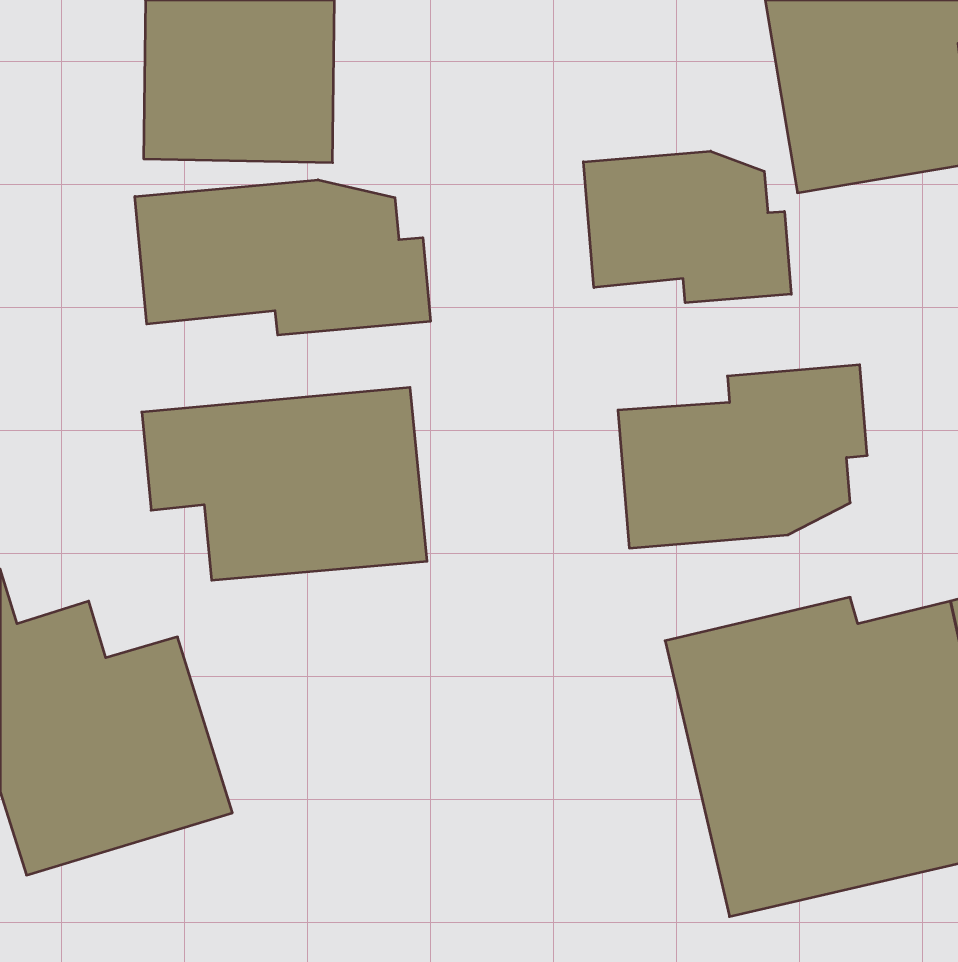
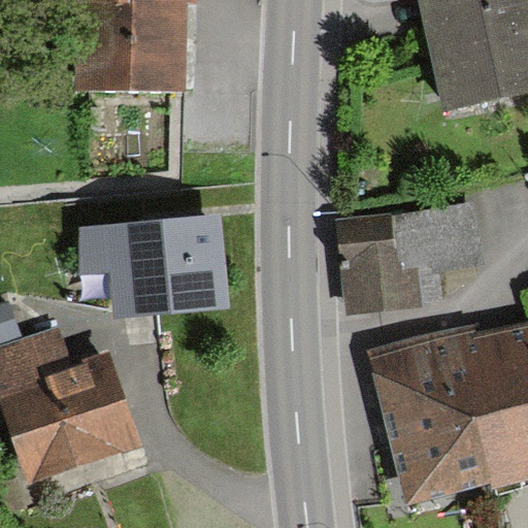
building: [583,151,791,303] -> none
building: [135,180,430,335] -> none

